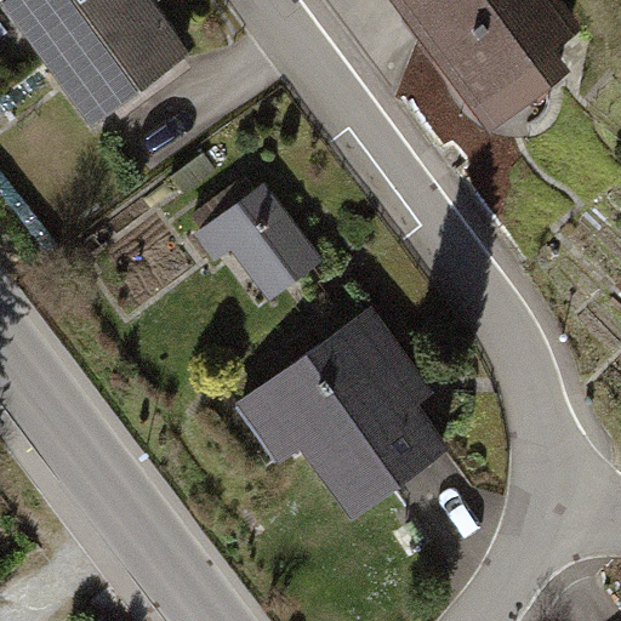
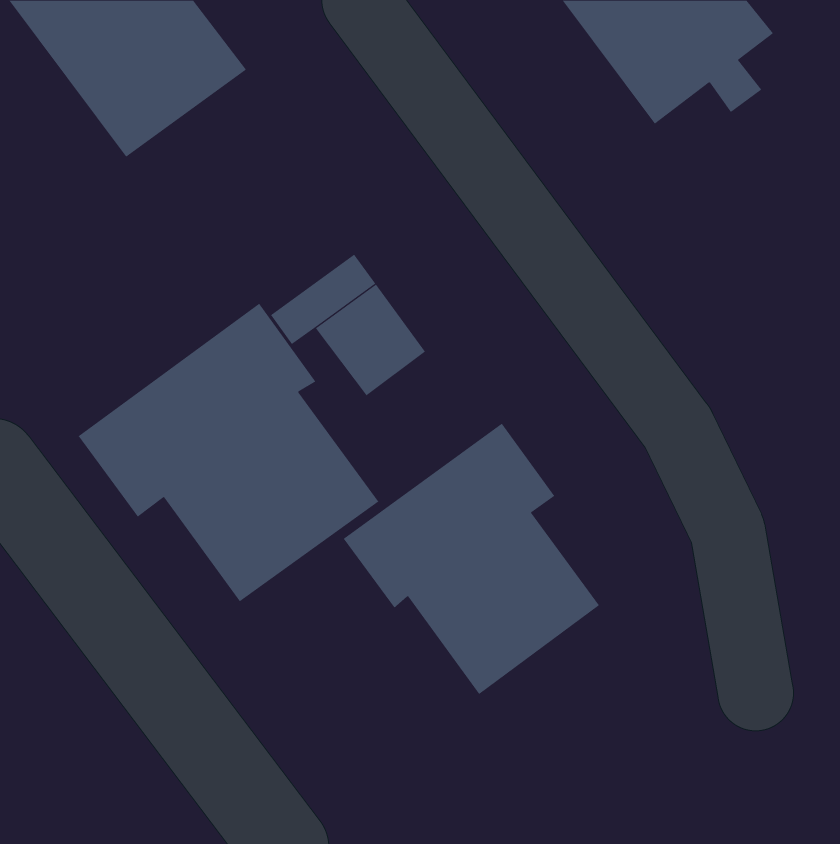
building: none -> [78,303,379,602]

